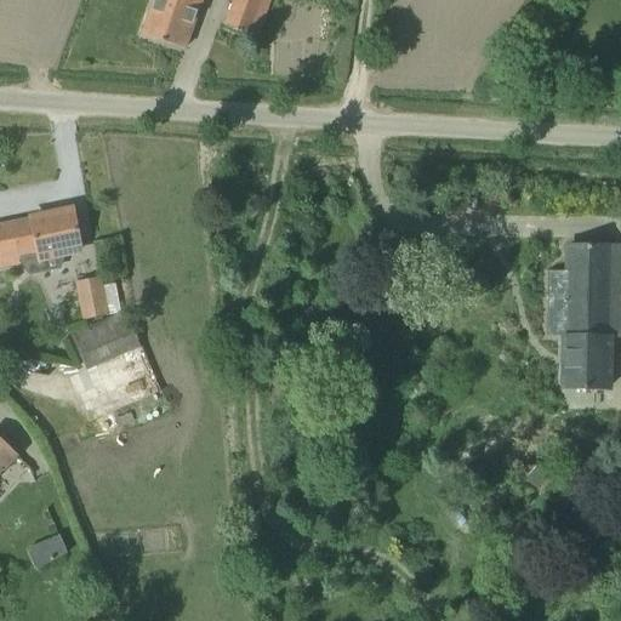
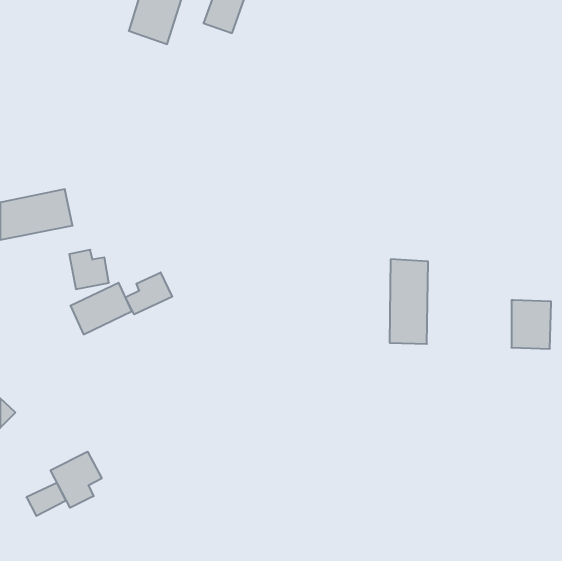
building: [566,239,609,332] -> [390,259,428,344]
building: none -> [125,272,172,314]
building: none -> [51,452,102,508]

